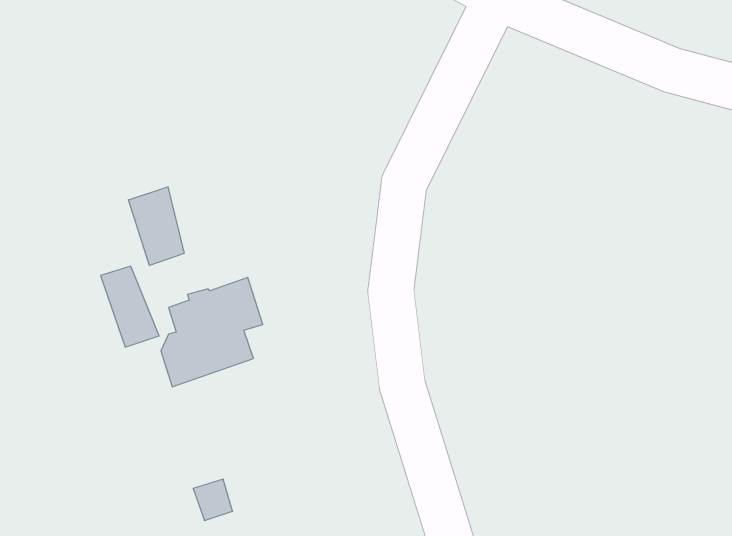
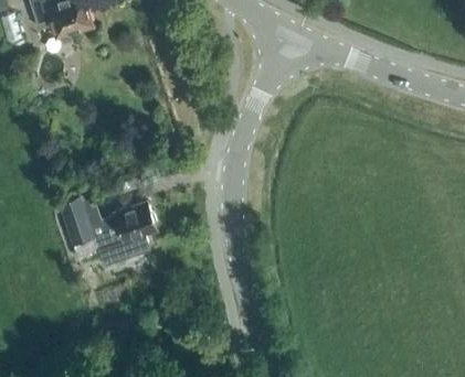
building: [128,187,184,265] -> none

